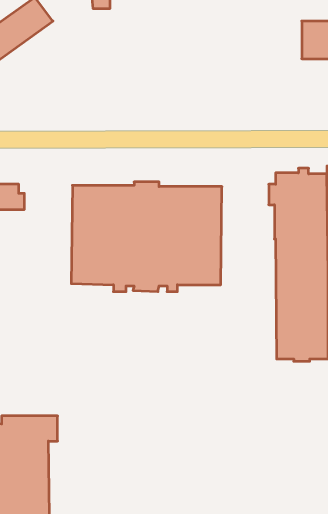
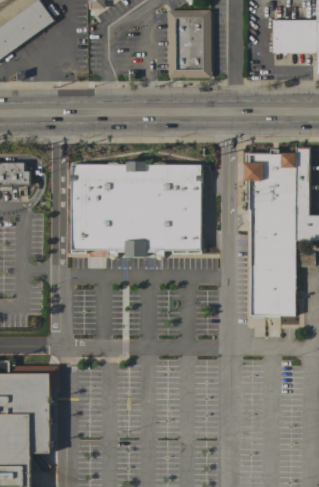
building: none -> [168,10,212,77]

